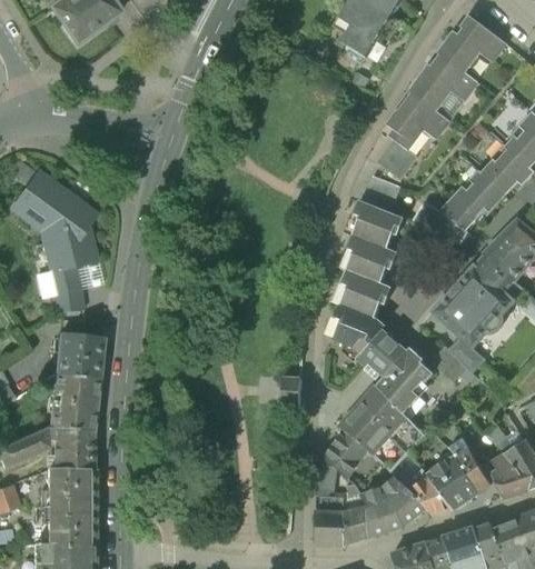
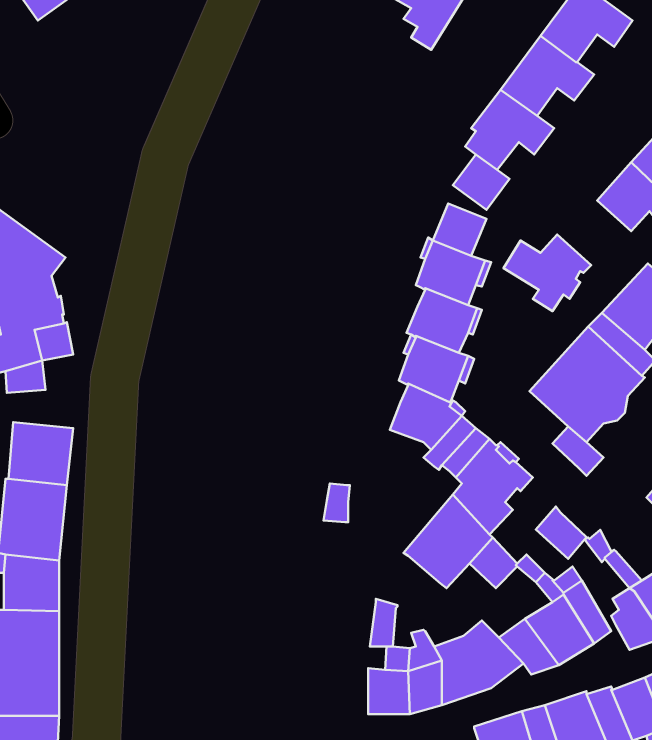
building: [453,169,506,219] -> none
building: [432,343,468,381] -> [536,506,586,559]
building: [321,429,368,477] -> none

